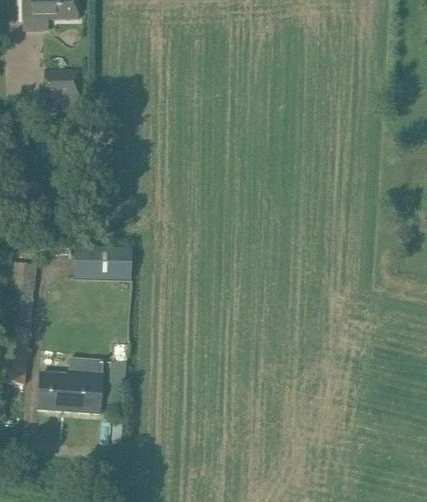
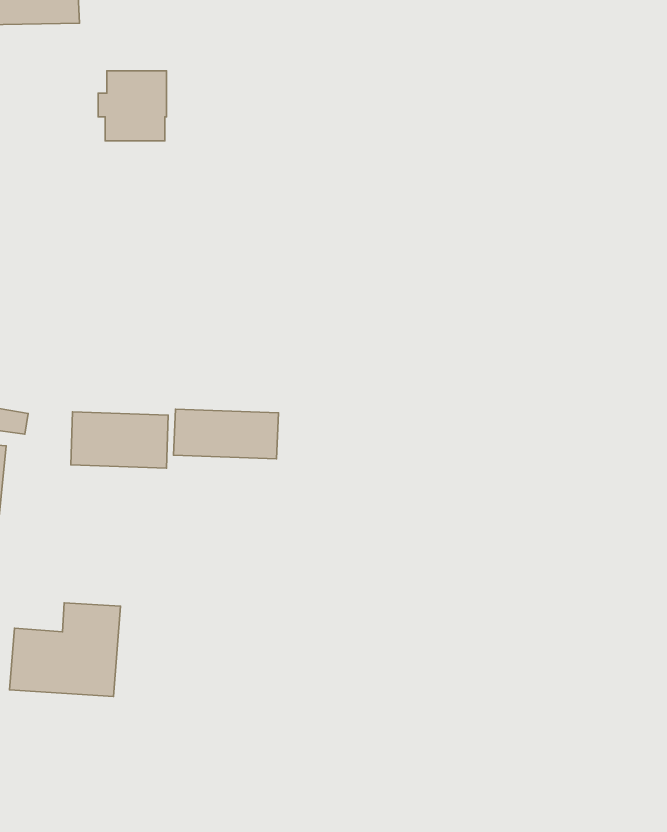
building: [39,70,79,111] -> [98,71,166,141]
building: none -> [174,409,278,459]

